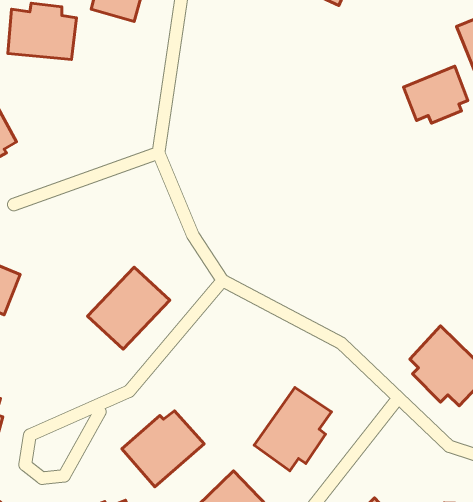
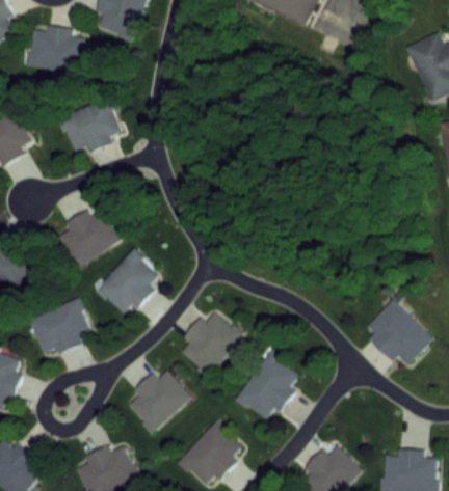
building: [403,66,468,123] -> none
building: none -> [58,100,122,156]
building: none -> [58,209,123,266]
building: none -> [29,299,91,358]
building: none -> [175,310,242,377]

